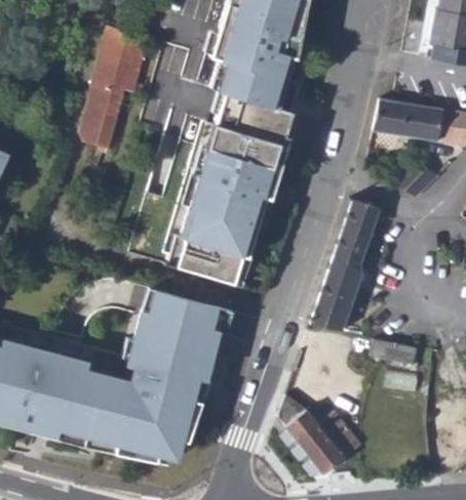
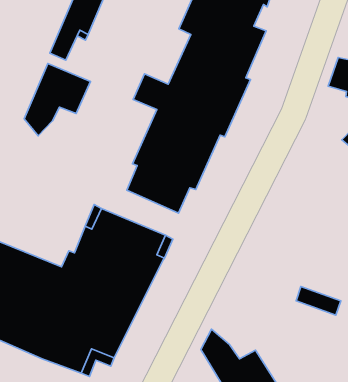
building: none -> [24,63,91,136]
building: [309,202,380,334] -> none

